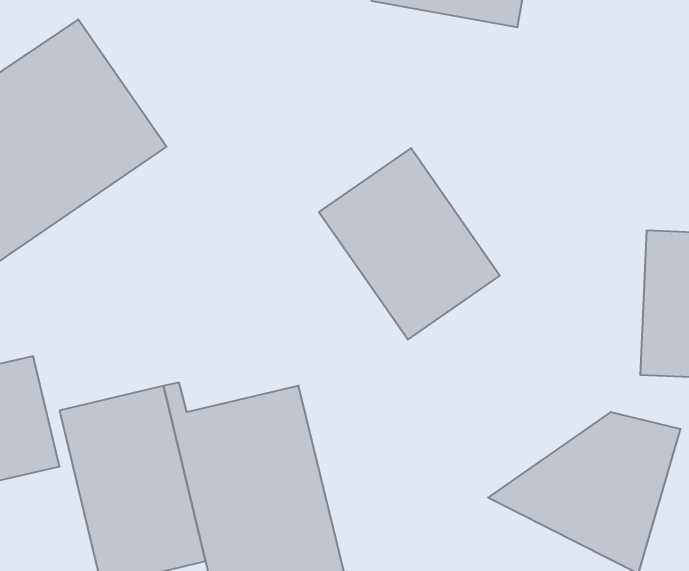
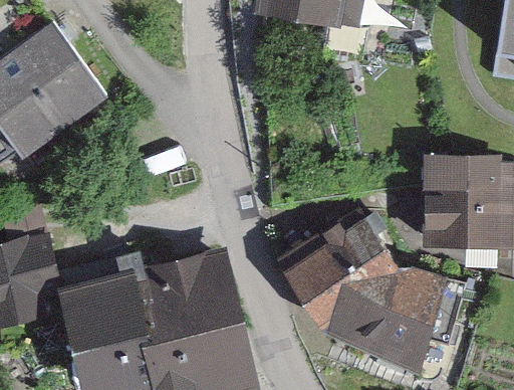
building: [319,148,500,340] -> none
building: none -> [284,210,412,329]

